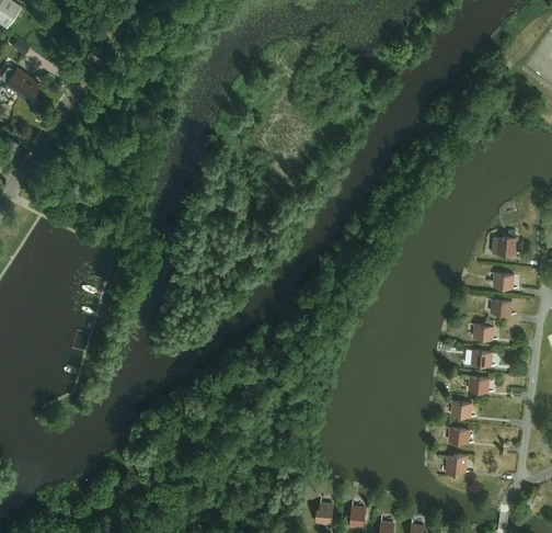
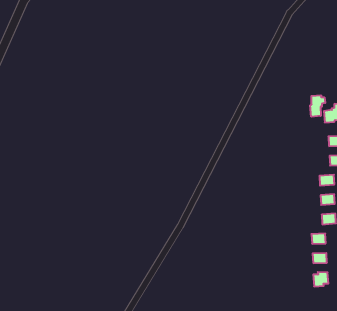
building: none -> [310,95,325,117]

